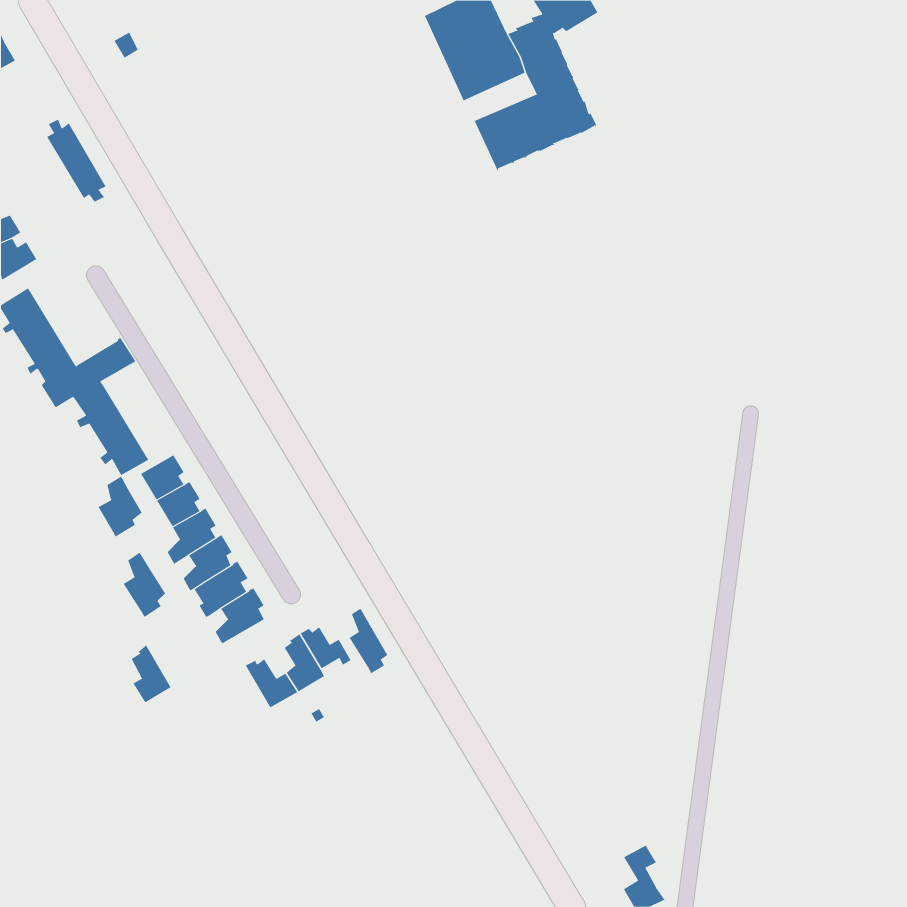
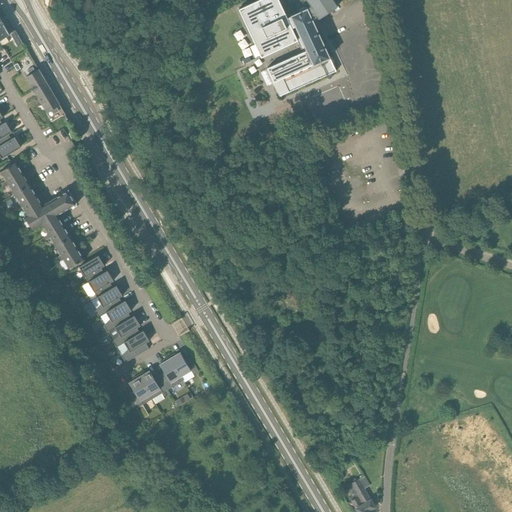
building: [98,476,143,538] -> none
building: [123,552,167,618] -> none
building: [349,608,388,674] -> none
building: [131,645,171,703] -> [129,375,152,408]

